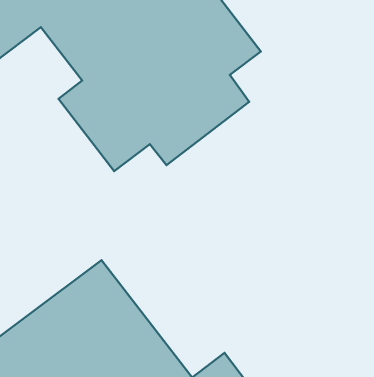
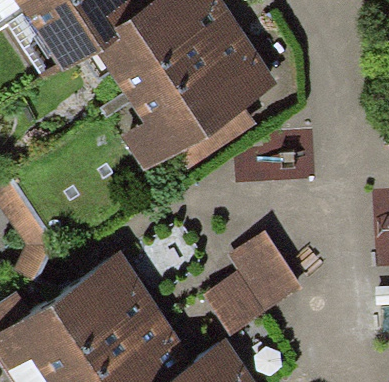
building: none -> [209,230,302,331]

